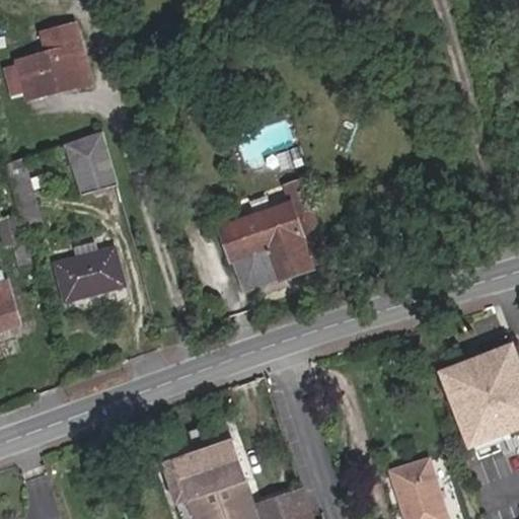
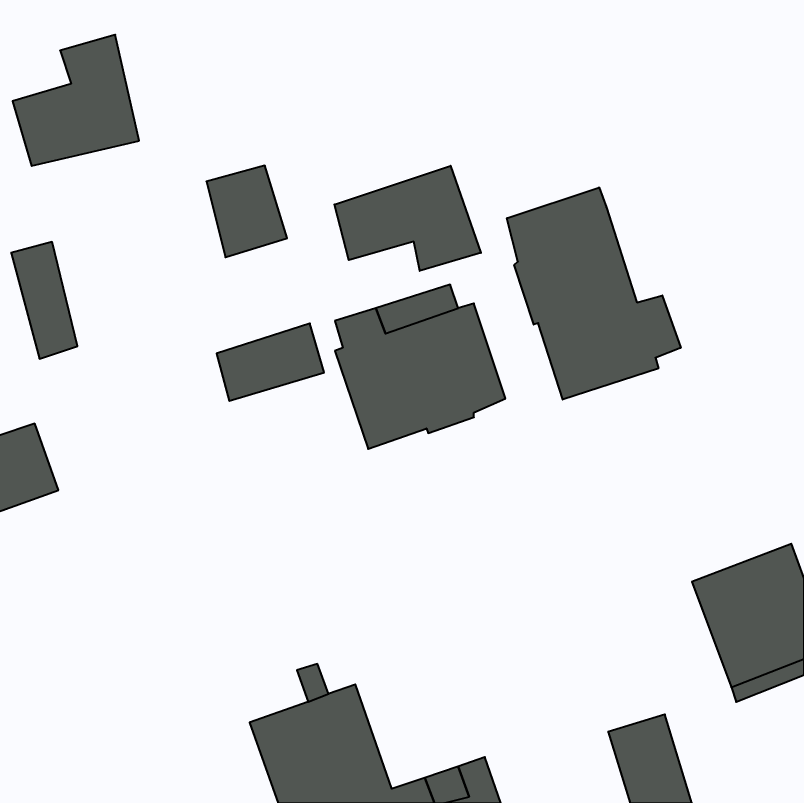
building: none -> [334,166,481,271]
building: none -> [507,187,681,400]
building: [64,137,116,196] -> [206,166,287,257]
building: [58,246,127,296] -> [217,323,324,401]

